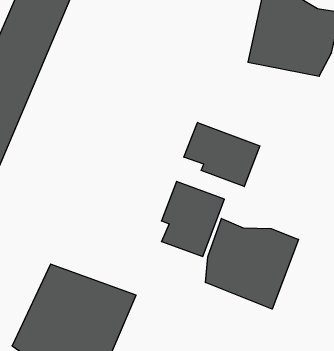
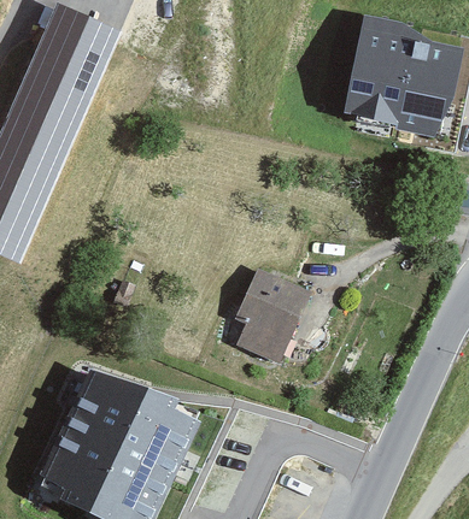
building: [184,122,260,187] -> none
building: [205,218,299,309] -> none

